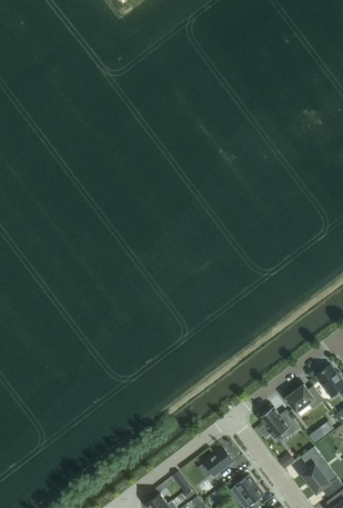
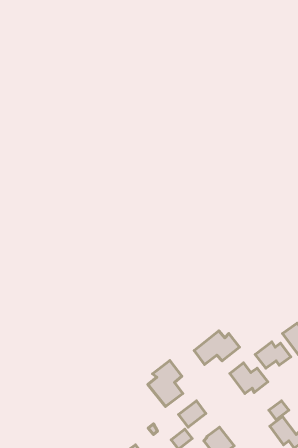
building: none -> [194,331,240,364]
building: none -> [148,361,183,407]

